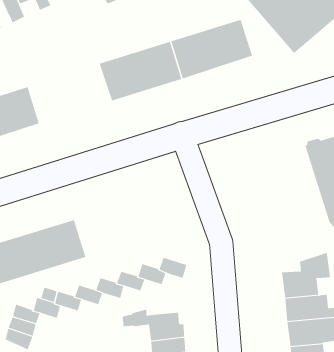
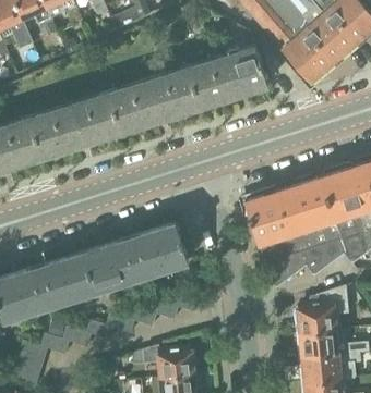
building: none -> [35,91,121,153]
building: none -> [243,174,346,288]
building: none -> [83,223,188,292]

